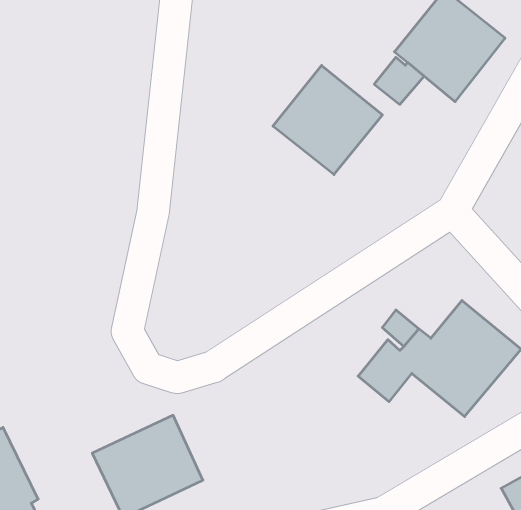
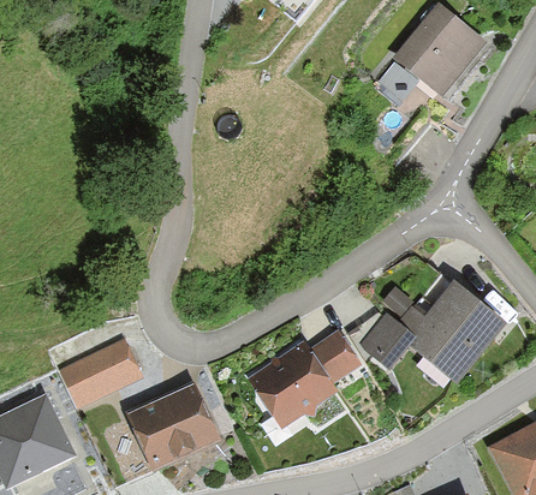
building: [273,65,382,175] -> none
building: none -> [248,329,362,429]
building: none -> [58,339,143,411]

